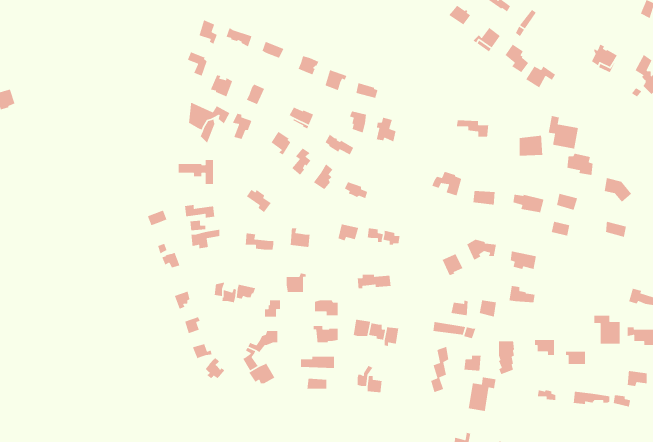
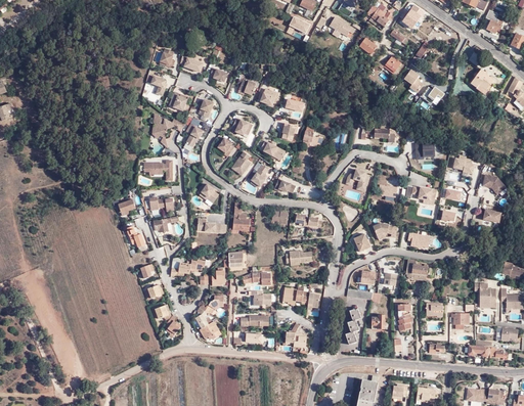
building: [548,115,579,149] -> none
building: [468,376,497,412] -> none

